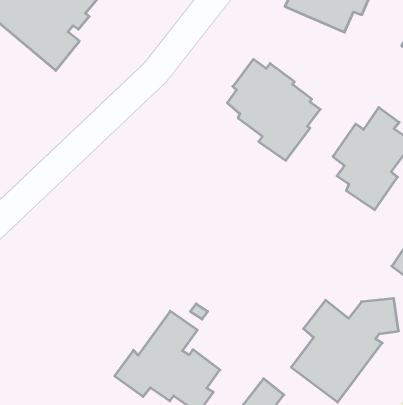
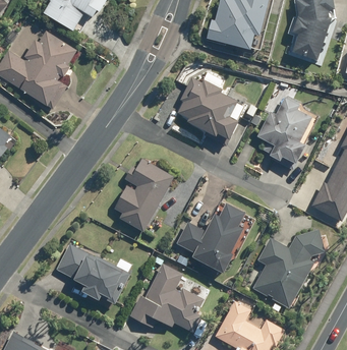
building: none -> [115,159,173,231]
building: none -> [176,202,246,272]
building: none -> [55,244,130,303]

